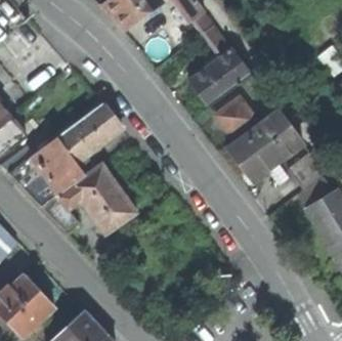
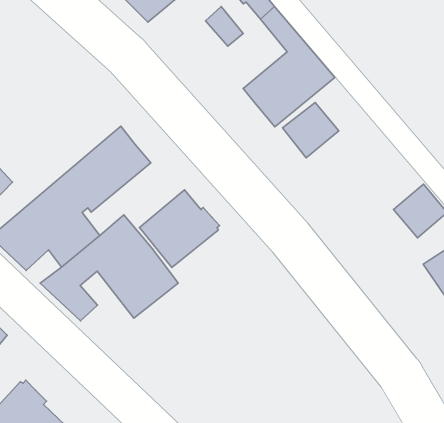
building: [226,109,303,180] -> none
building: none -> [139,190,220,267]

